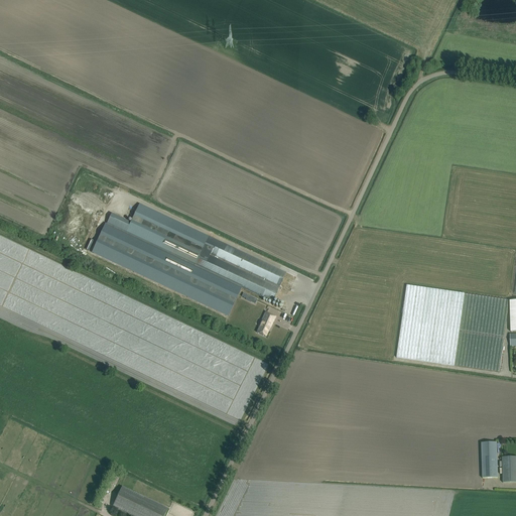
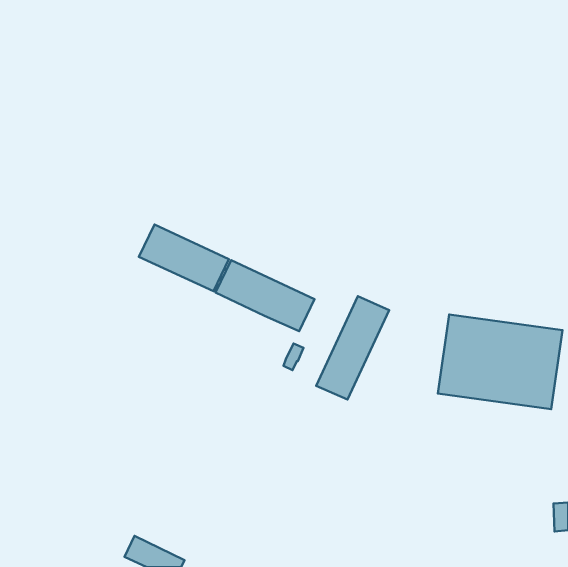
building: [93,224,240,315] -> none
building: none -> [316,296,389,400]
building: [481,441,498,478] -> none

